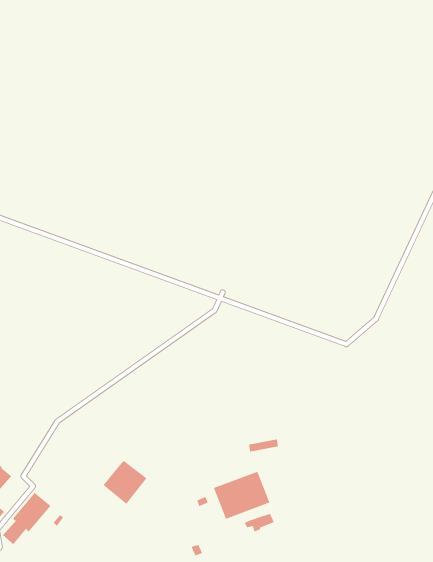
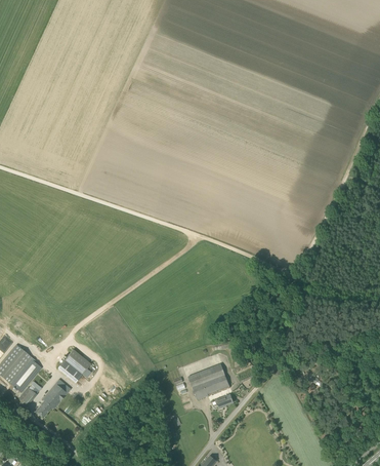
building: [102,460,147,505] -> [56,349,89,382]

